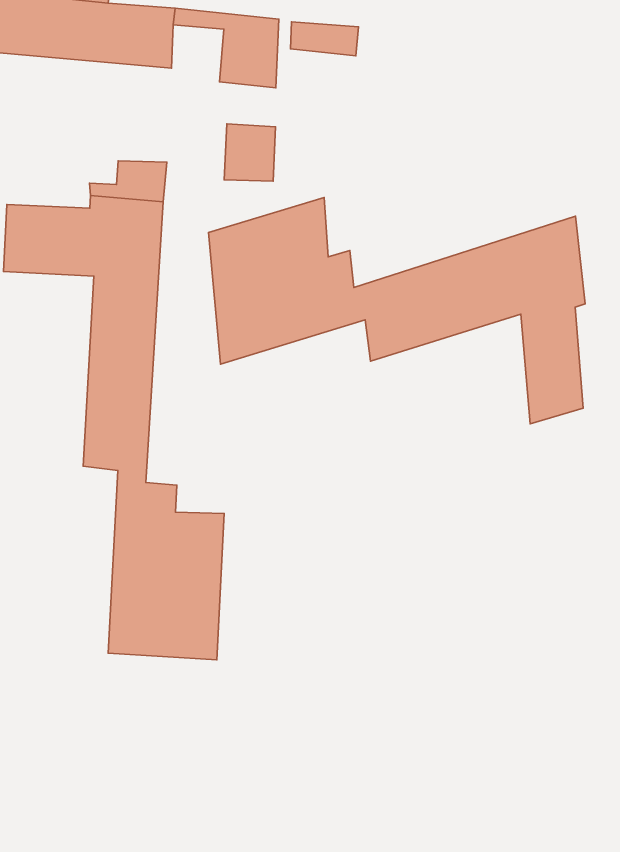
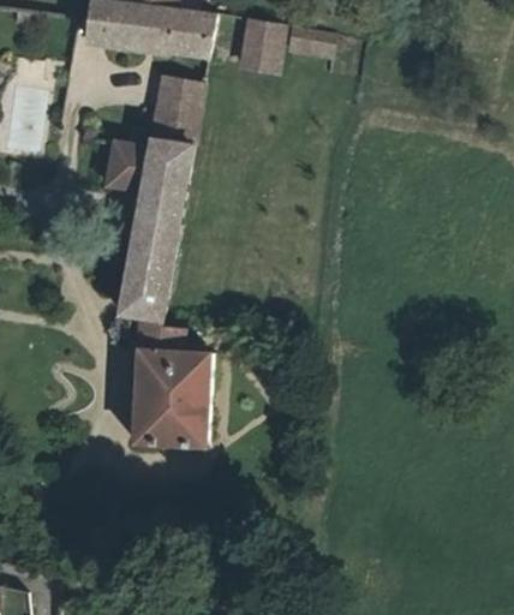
building: [224,124,276,181] -> [163,77,201,118]
building: [208,197,585,424] -> none

